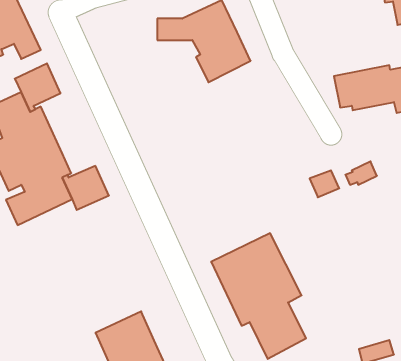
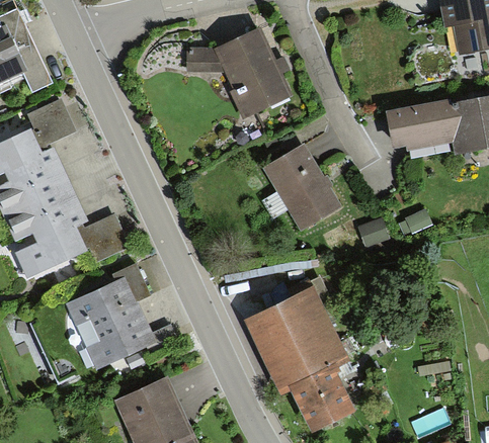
building: none -> [264,144,341,230]
building: none -> [65,262,156,368]

